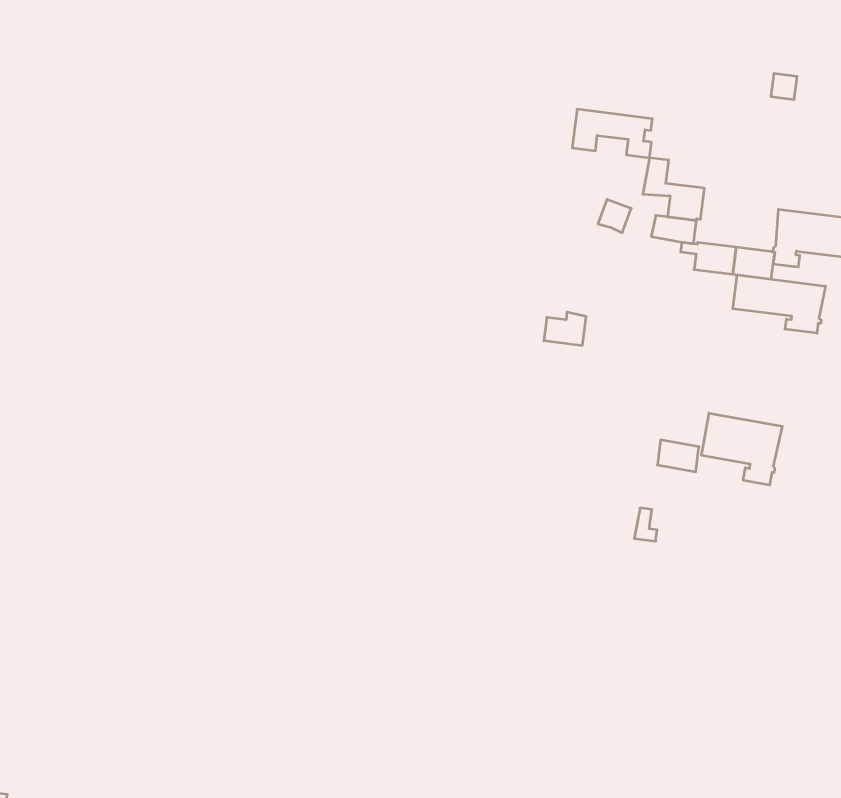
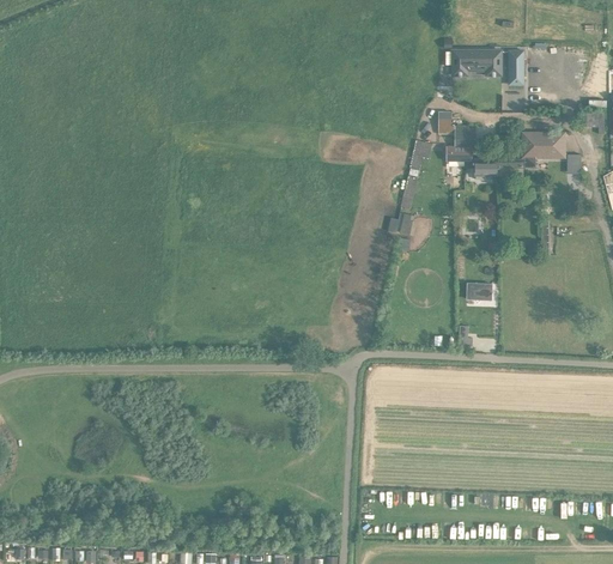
building: [572,109,652,158] -> [453,50,500,74]
building: [733,275,825,333] -> none
building: [702,413,782,485] -> none

